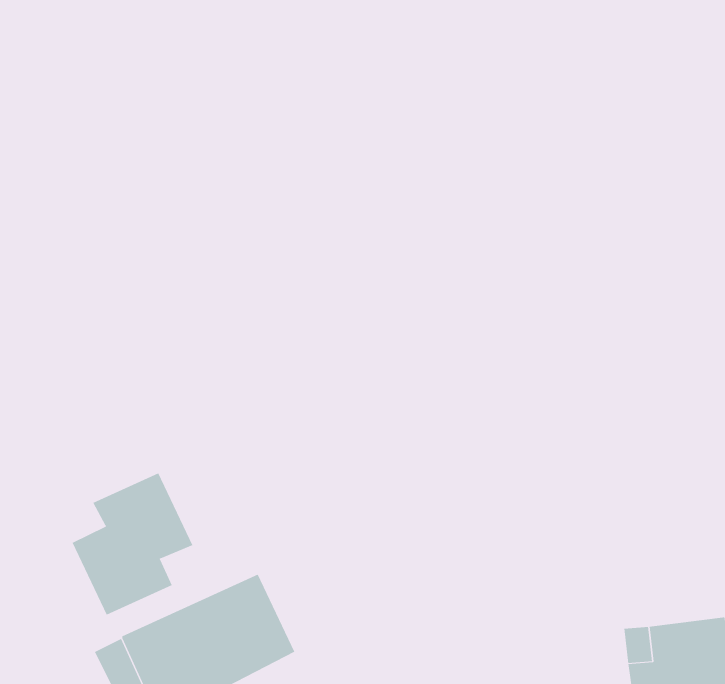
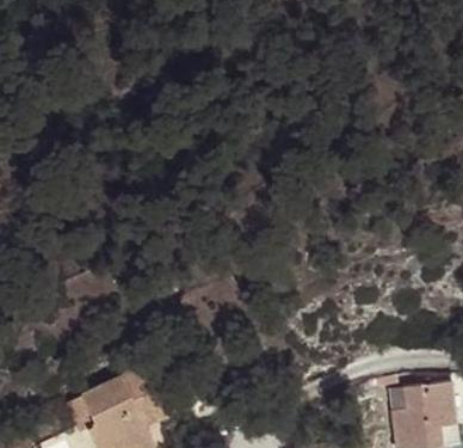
building: [72,472,193,616] -> none

